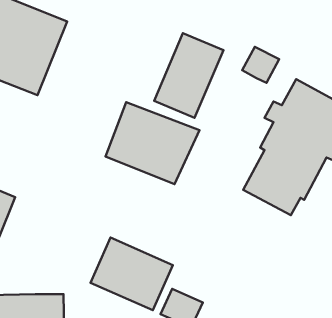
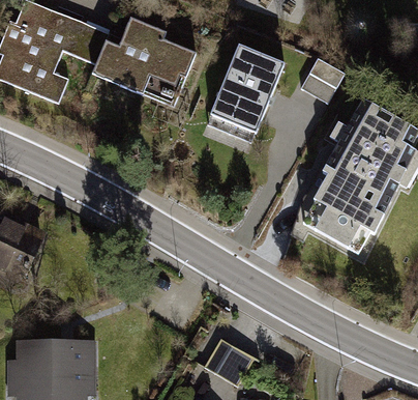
building: [105,102,200,184] -> [83,18,191,112]
building: [90,237,173,310] -> none

